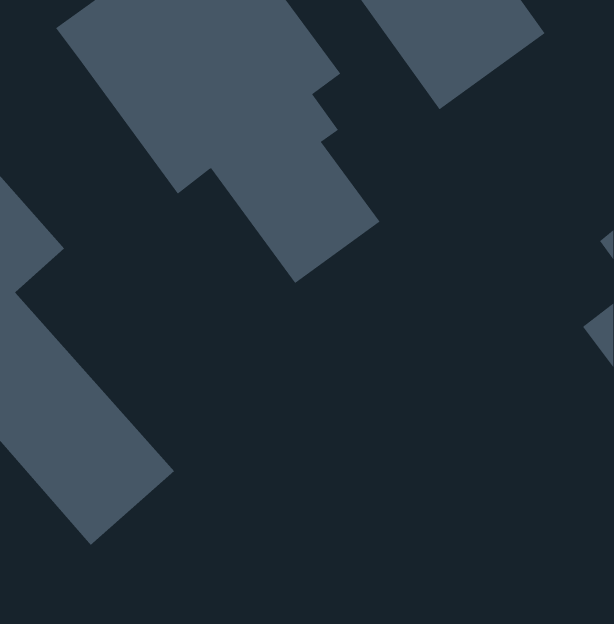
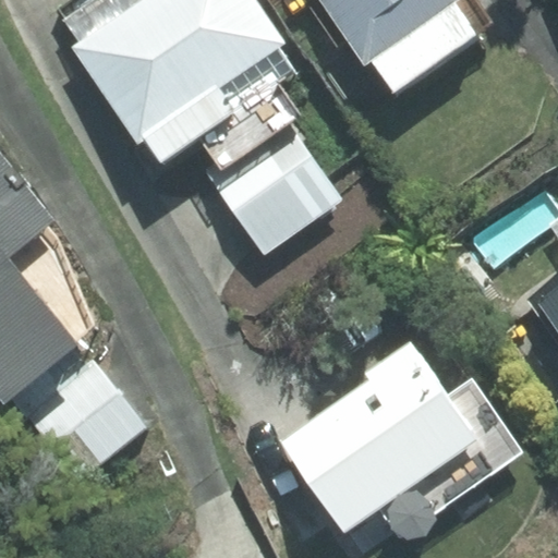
building: none -> [280,345,510,533]

